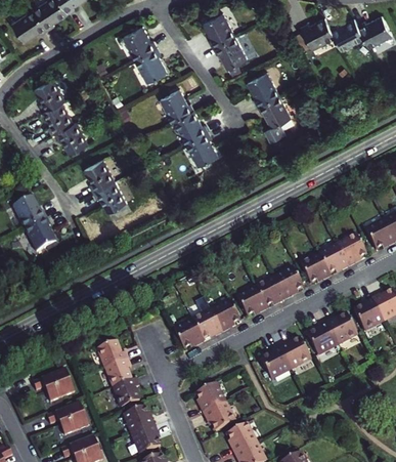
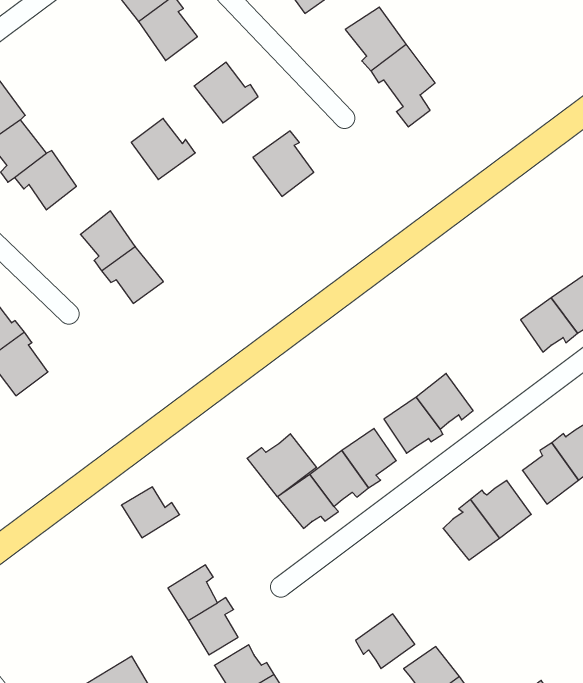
building: [175,111,209,143] -> [131,118,195,180]
building: [298,255,328,284] -> none
building: [272,268,302,300] -> none
building: none -> [247,434,316,497]
building: [94,343,125,370] -> [121,487,180,538]
building: [30,370,72,403] -> none
building: [192,385,222,415] -> none

